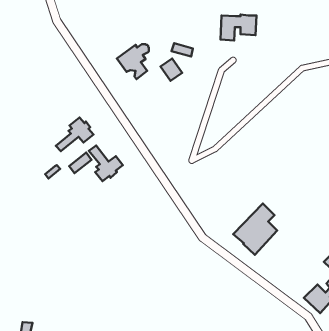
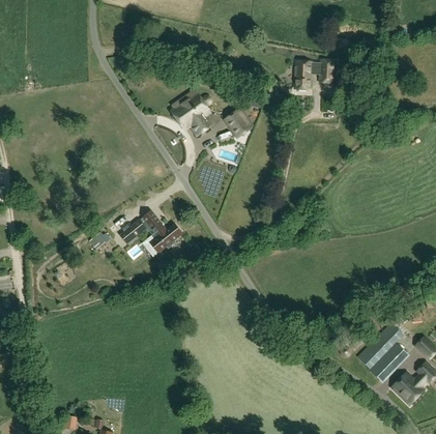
building: [56,118,93,151] -> none
building: [233,204,277,255] -> [355,322,406,381]

